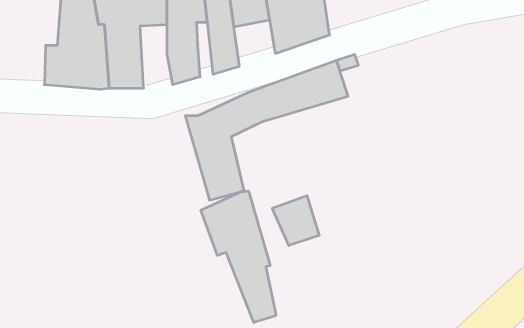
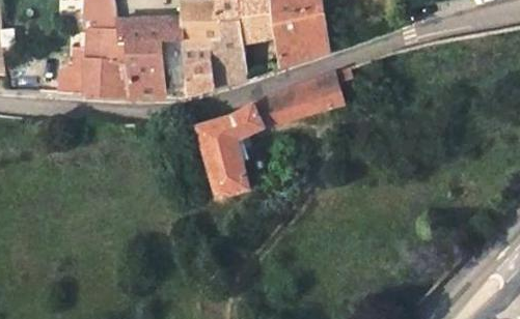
building: [201,191,276,323] -> none
building: [272,196,319,246] -> none

